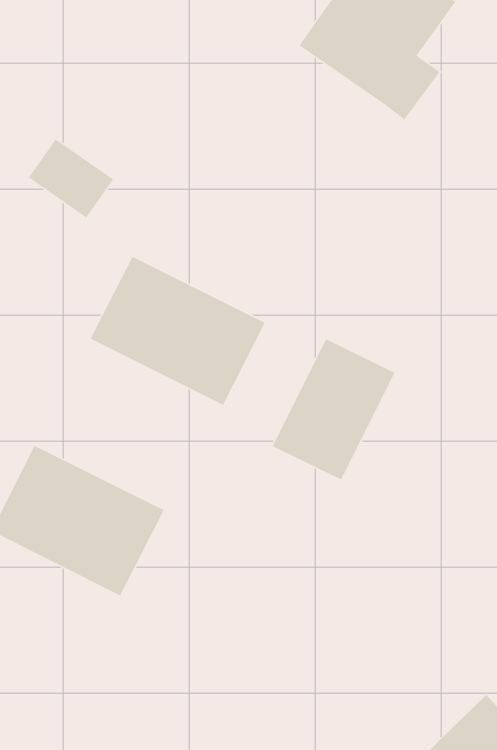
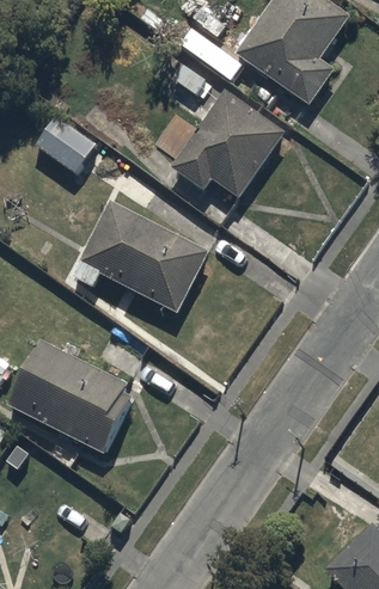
building: none -> [169,88,286,197]
building: [272,338,396,481] -> none

